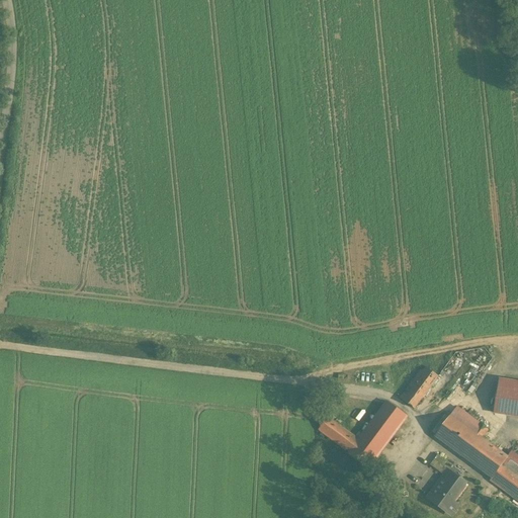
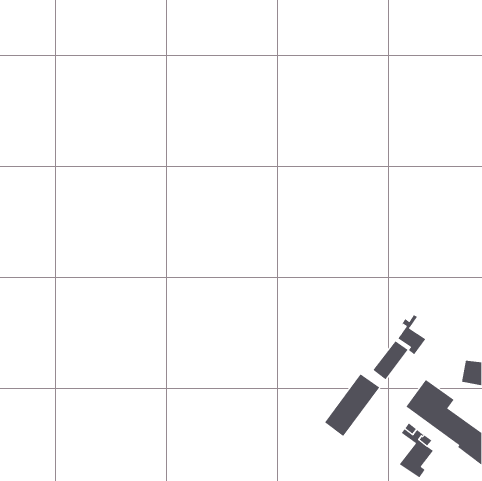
building: none -> [398,314,426,355]
building: [319,417,358,451] -> none

